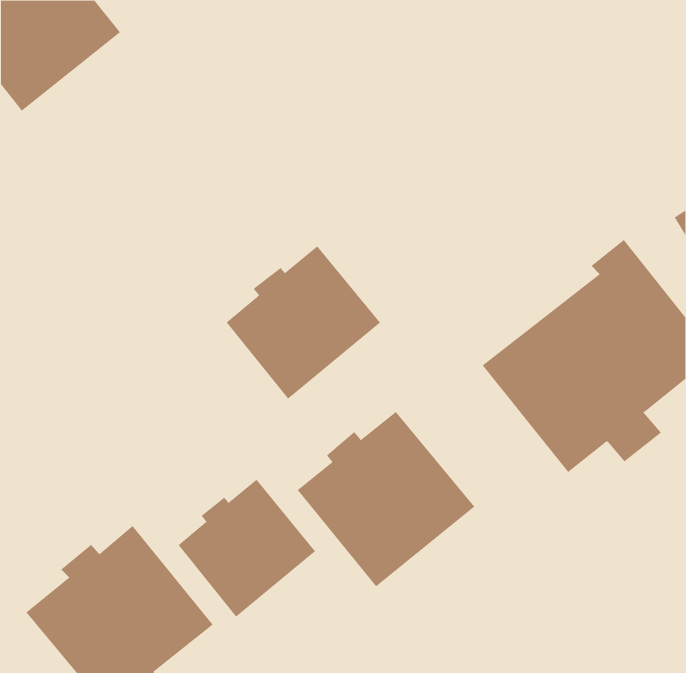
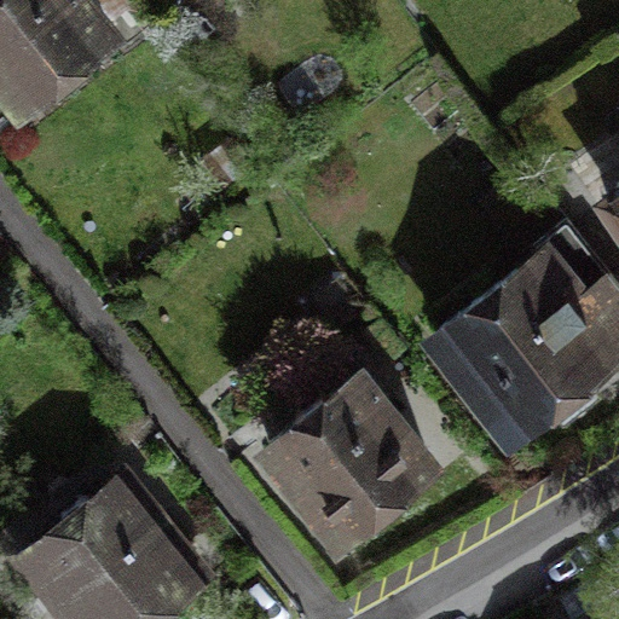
building: [226,245,381,399] -> none
building: [178,479,316,617] -> none

